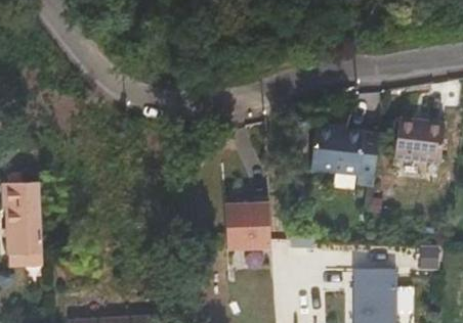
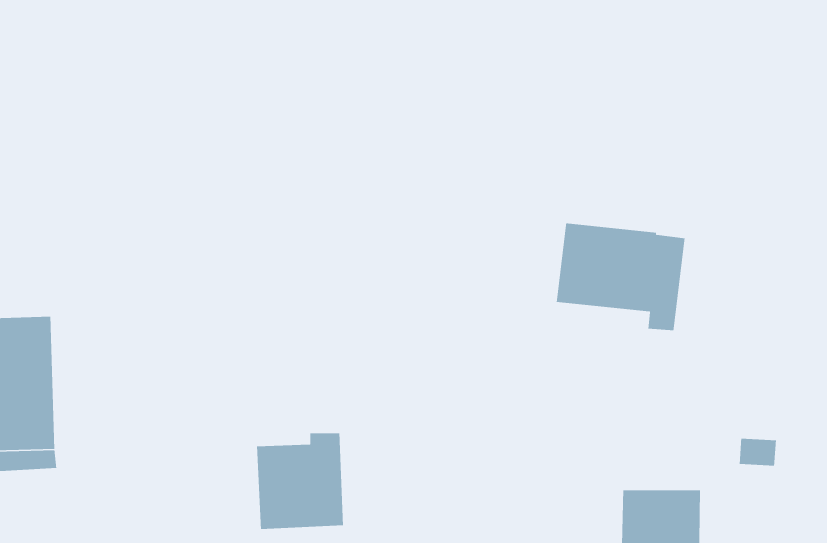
building: [394,120,445,163] -> none
building: [224,196,271,248] -> [256,432,344,530]

